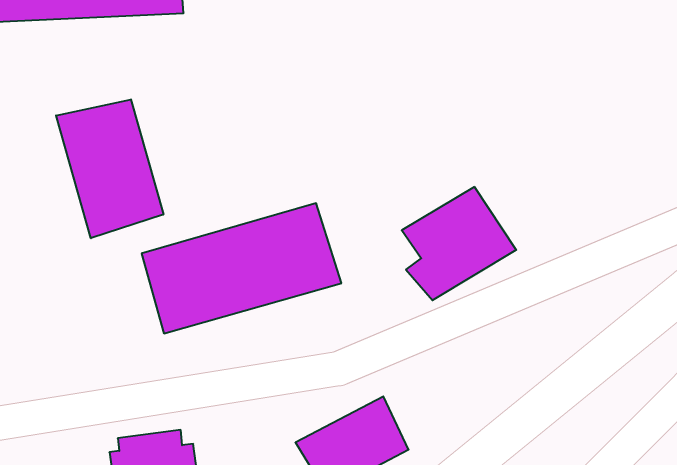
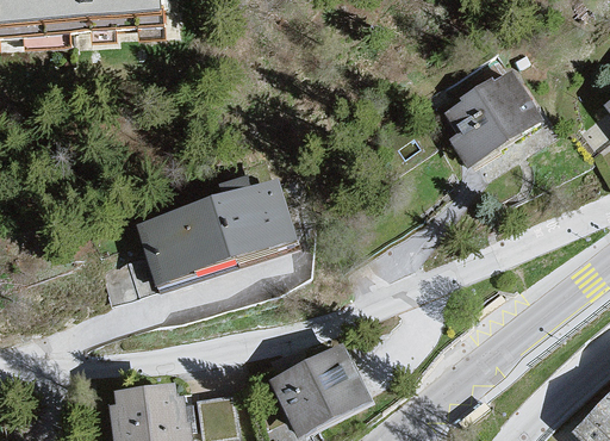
building: [56,99,163,238] -> none
building: [402,187,516,300] -> [448,69,546,166]

